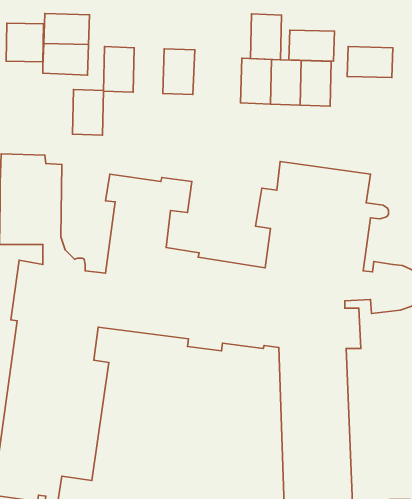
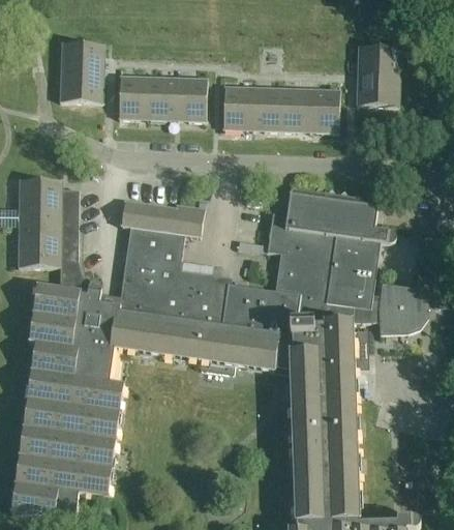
building: [251,14,281,60] -> [222,86,252,130]
building: [6,23,44,62] -> none
building: [289,30,334,61] -> [356,47,400,77]
building: [73,89,103,135] -> [147,77,177,121]

